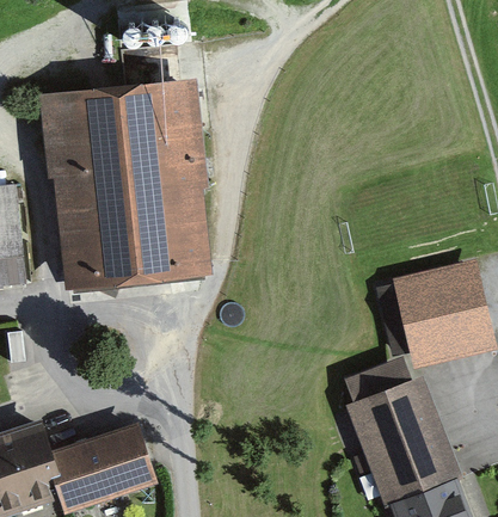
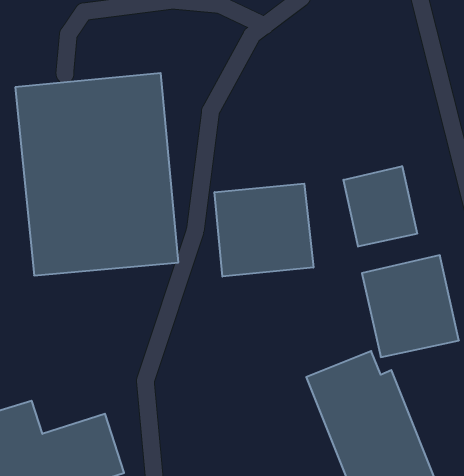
building: none -> [343,166,417,247]
building: none -> [215,184,313,277]

